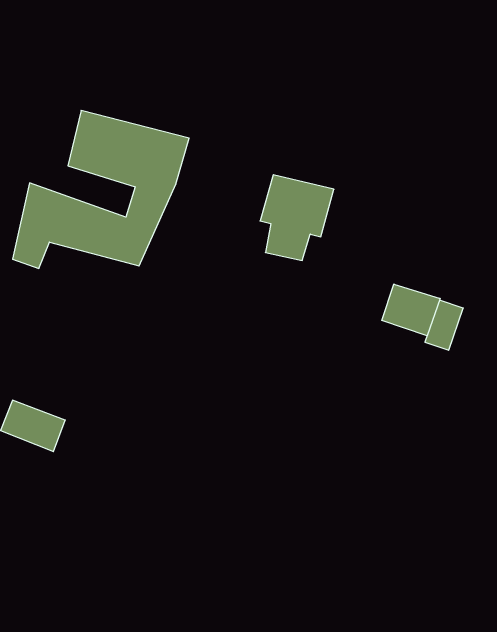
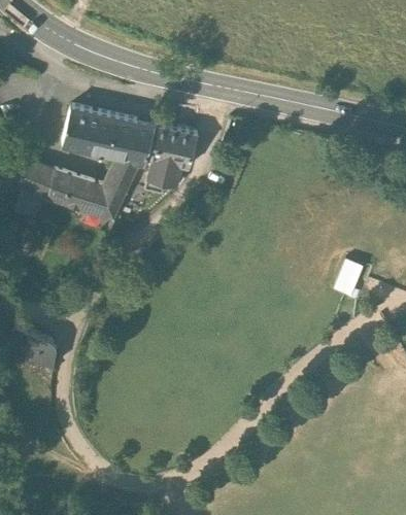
building: [260,175,334,260] -> [144,124,202,191]
building: [382,284,440,336] -> none

